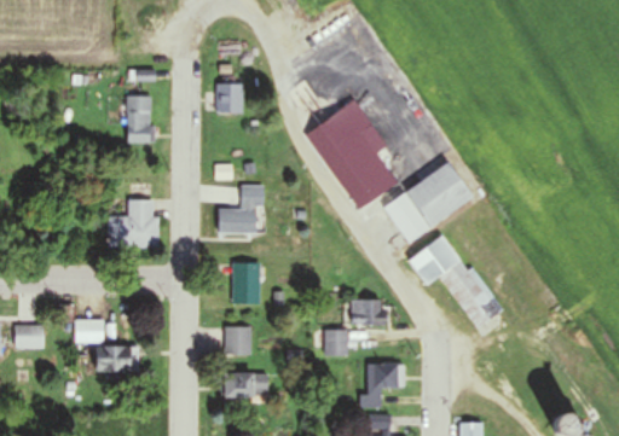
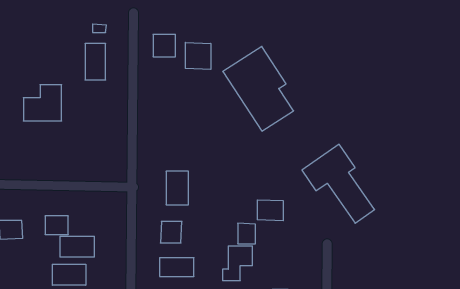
building: none -> [185,42,211,69]
building: [382,162,472,242] -> none
building: [218,185,264,233] -> none
building: [106,199,156,246] -> [23,85,62,121]
building: [359,362,398,407] -> [223,246,252,281]
building: none -> [52,264,86,285]

